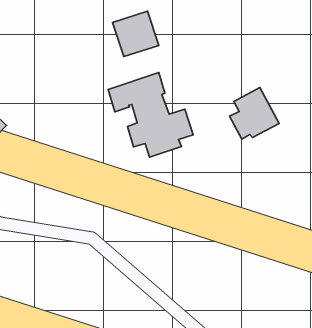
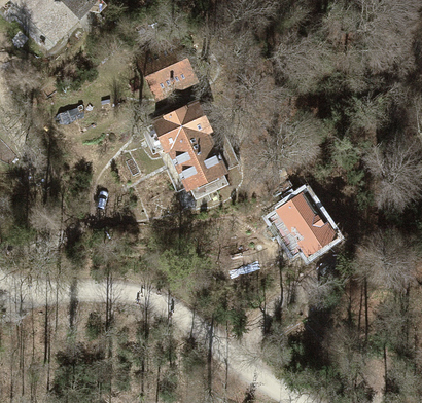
building: [229,87,279,139] -> [279,196,335,255]

